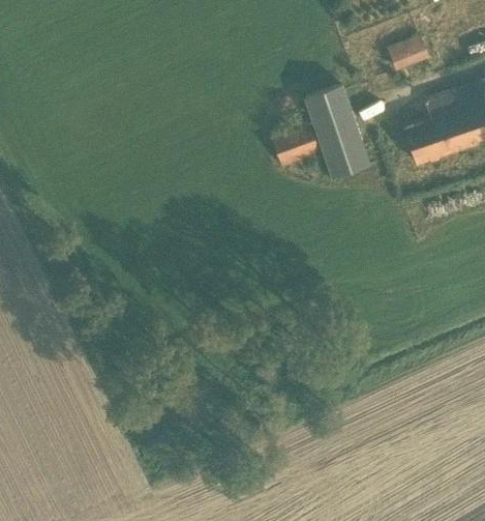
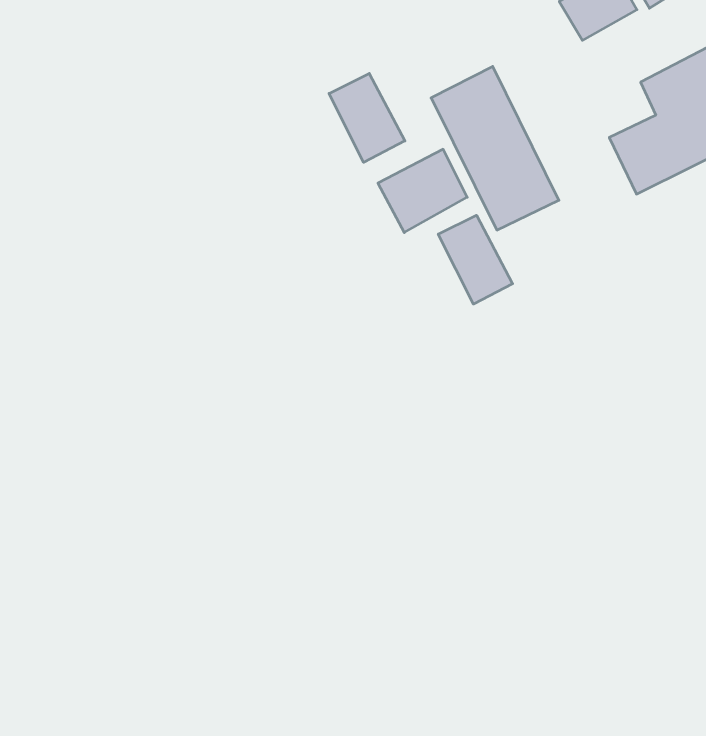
building: none -> [329,73,405,162]
building: none -> [438,215,513,304]

